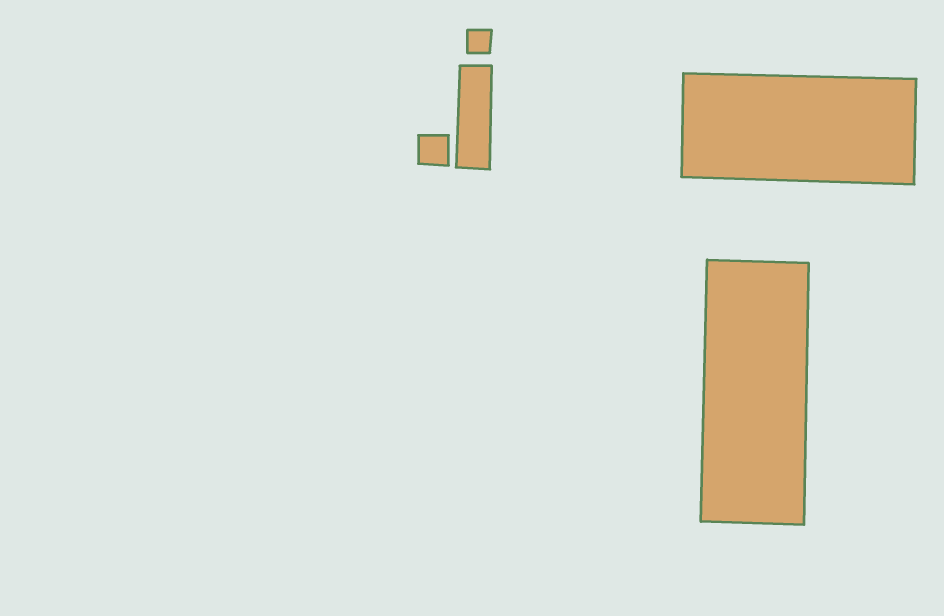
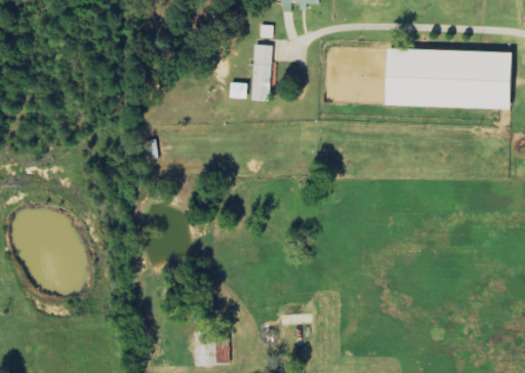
building: [701,260,808,525] -> none

